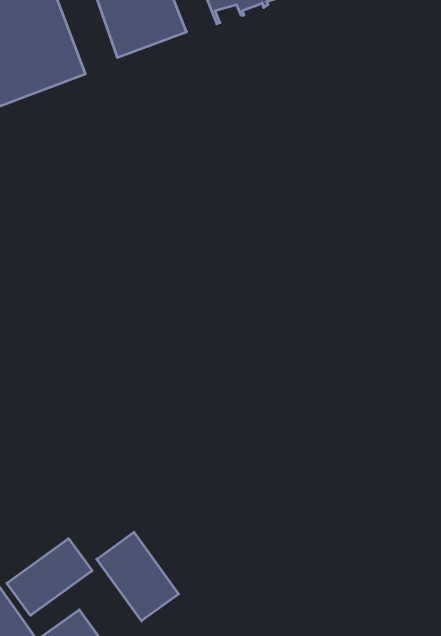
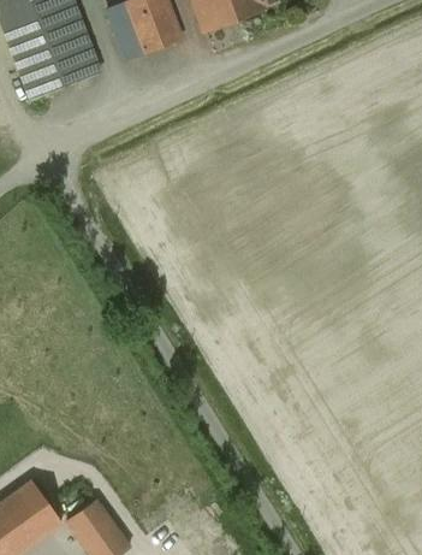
building: [97,532,179,621] -> none
building: [7,539,92,615] -> none

